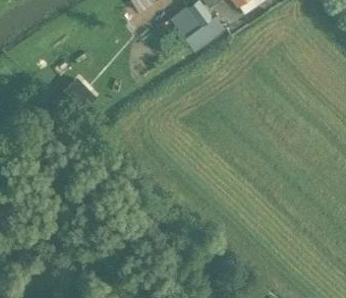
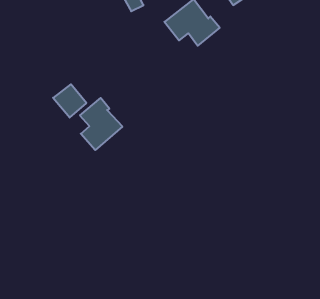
building: none -> [80,98,122,150]

